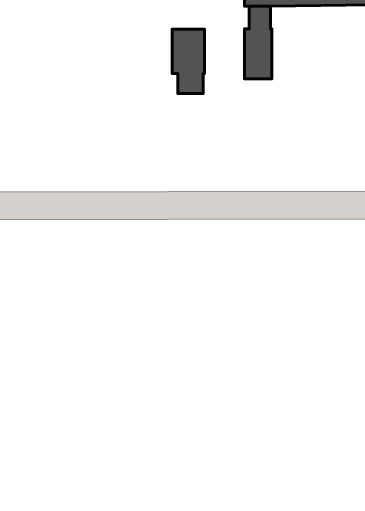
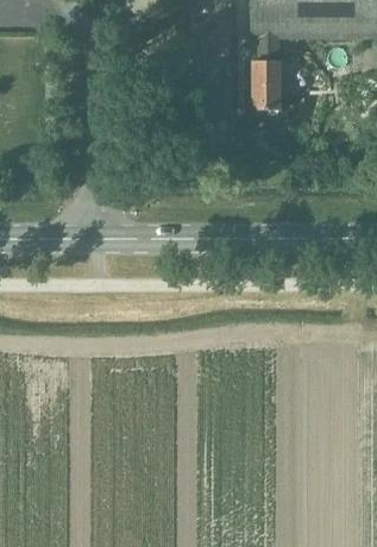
building: [172,29,204,94] -> none

